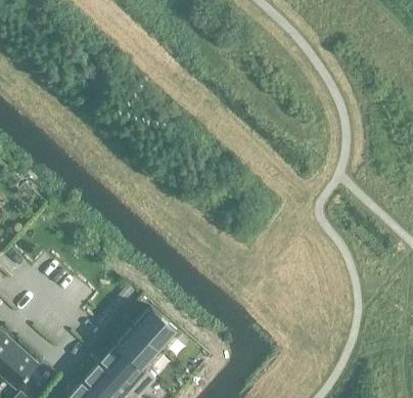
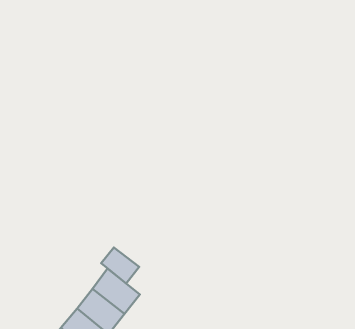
building: none -> [101,247,139,283]

